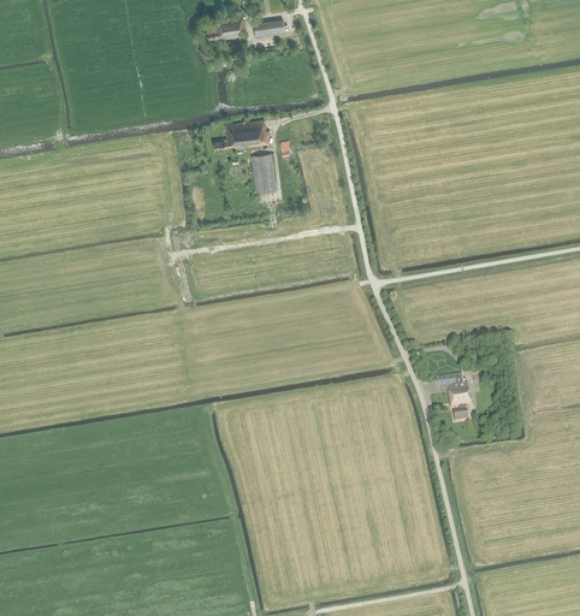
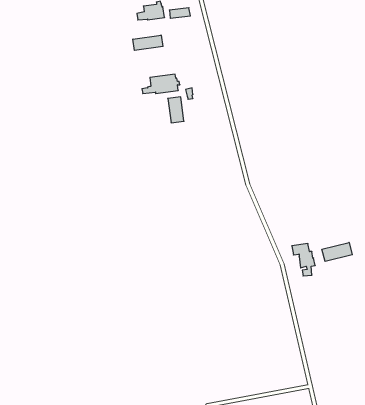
building: none -> [133,35,163,50]
building: none -> [322,242,352,261]

